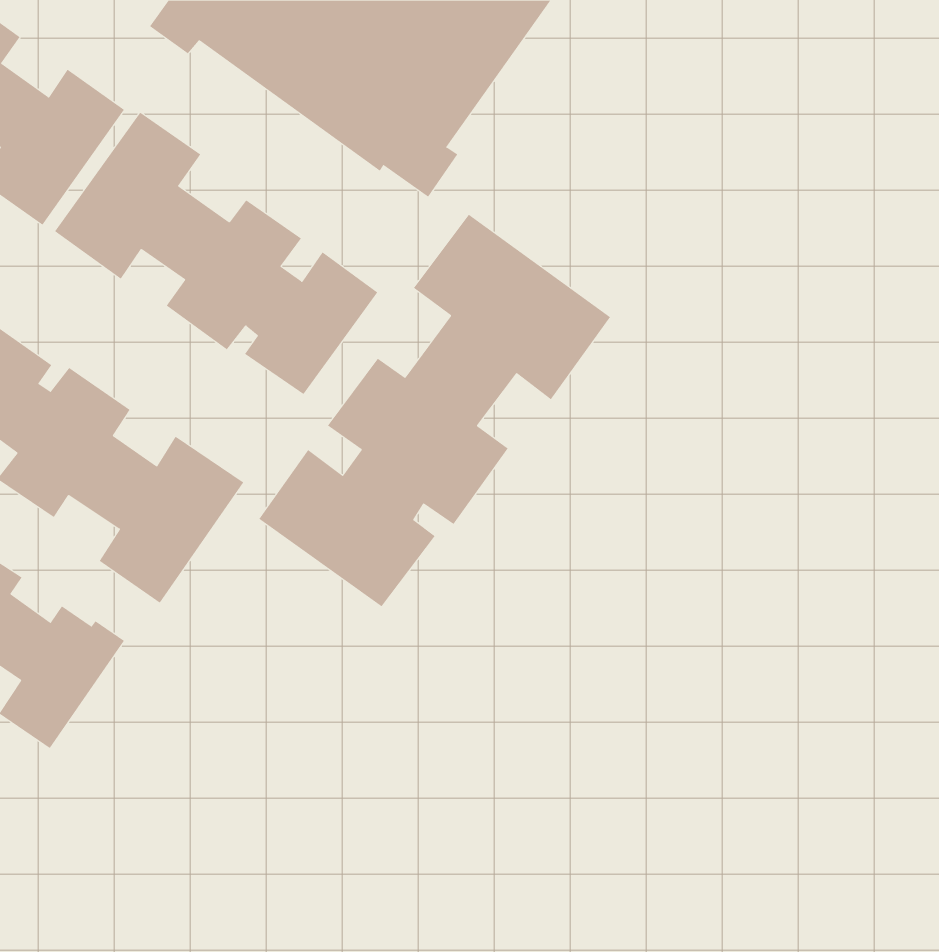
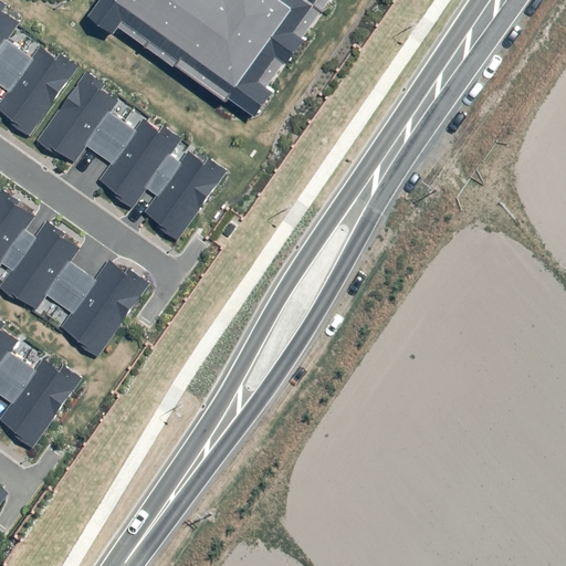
building: [259,214,611,607] -> none

